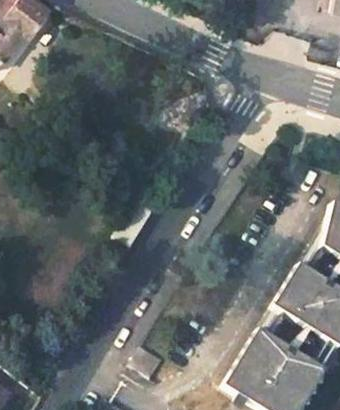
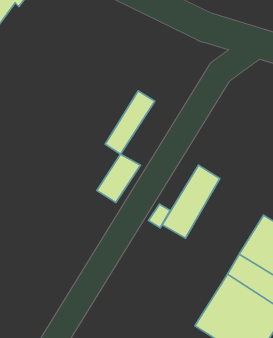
building: none -> [105,91,155,154]
building: none -> [162,165,220,238]

